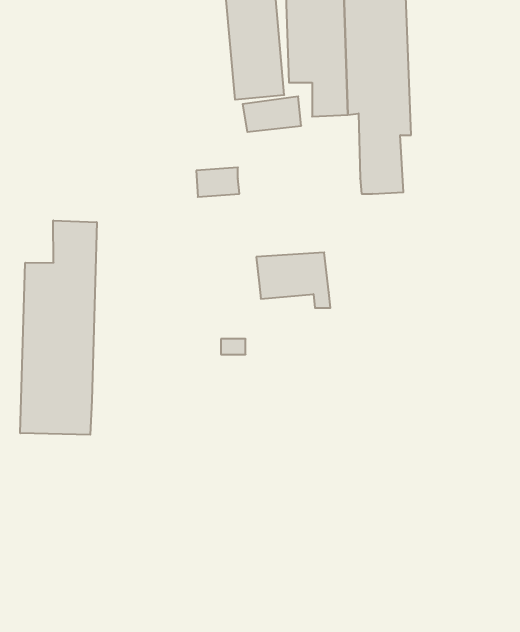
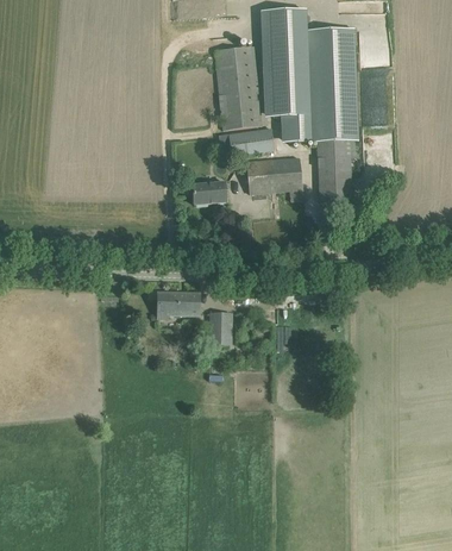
building: [20,220,97,435] -> none
building: [256,252,330,308] -> [246,157,303,200]
building: none -> [157,292,200,318]

